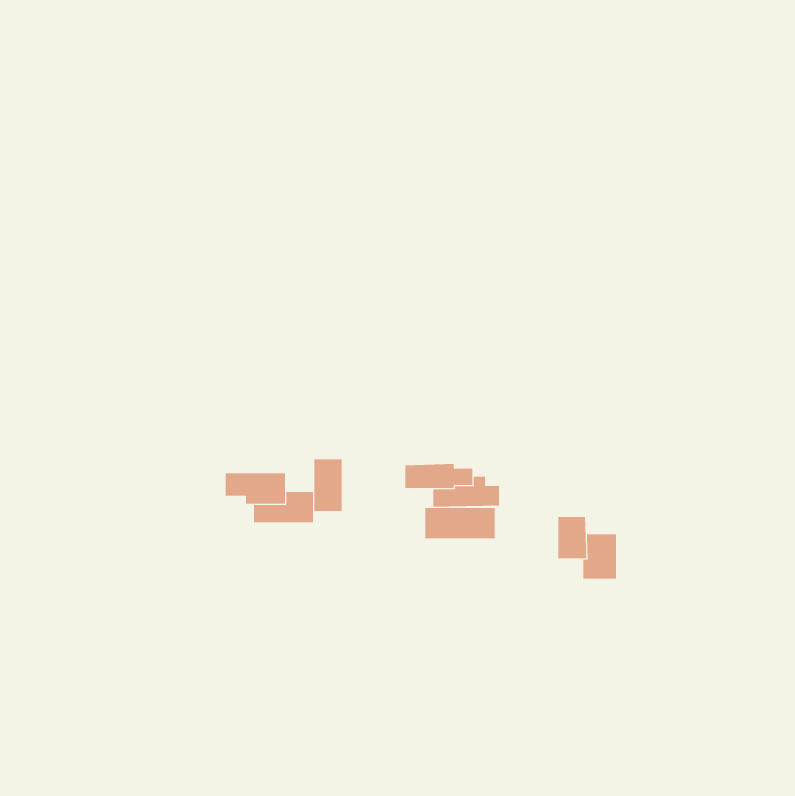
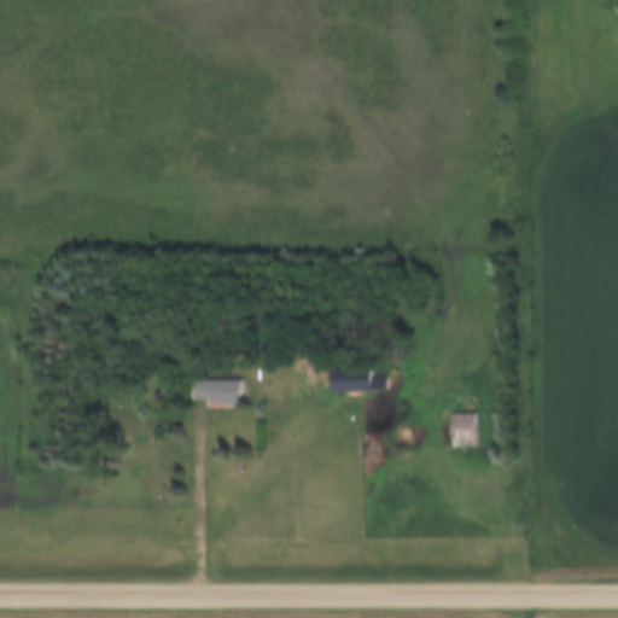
building: [314,458,342,512] -> none
building: [425,507,495,539] -> none

